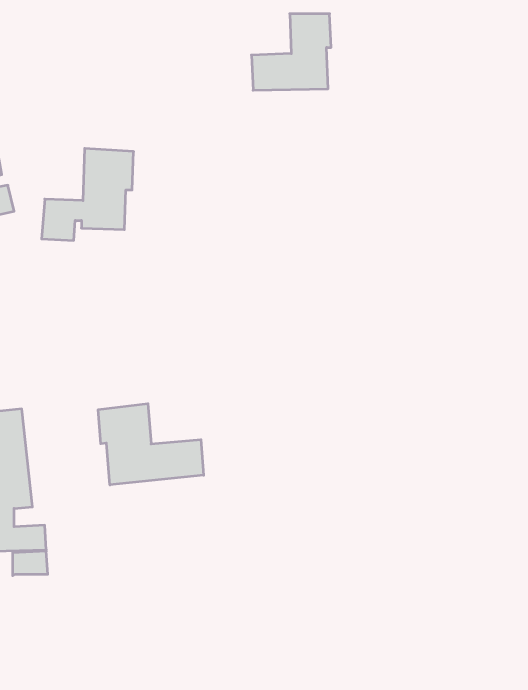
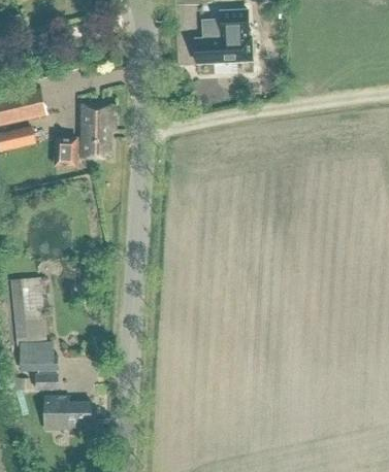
building: [98,404,204,485] -> none
building: none -> [43,395,91,429]

